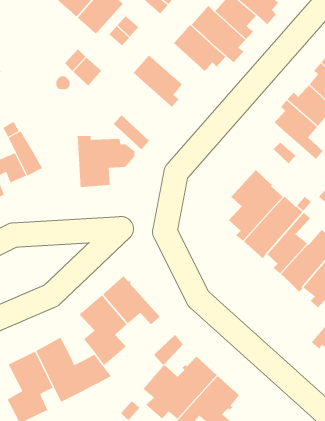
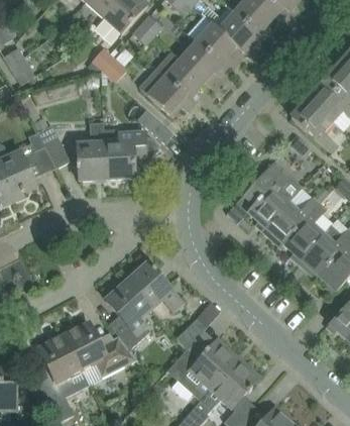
building: none -> [171,41,225,90]
building: none -> [140,70,194,116]
building: none -> [75,121,106,180]

